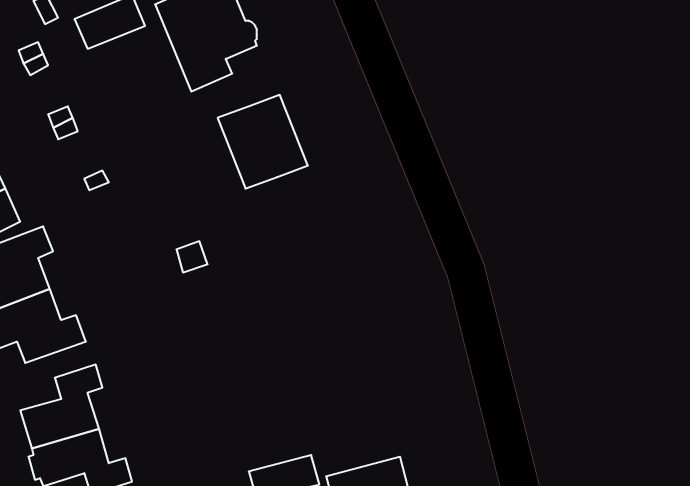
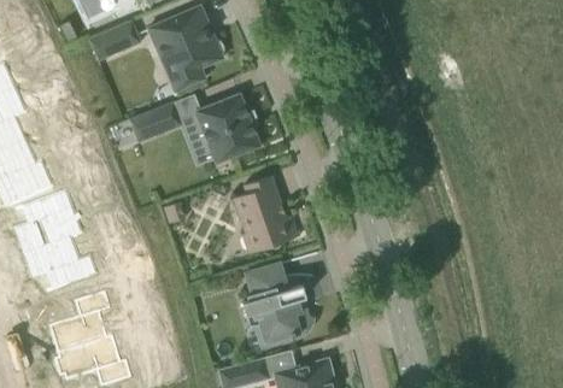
building: none -> [129,101,181,142]
building: none -> [233,175,300,253]
building: none -> [242,264,312,341]

